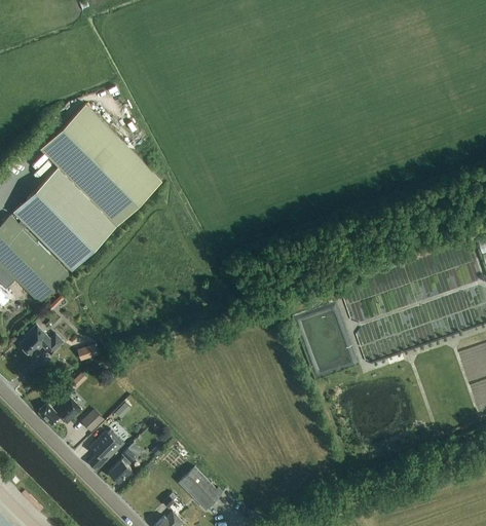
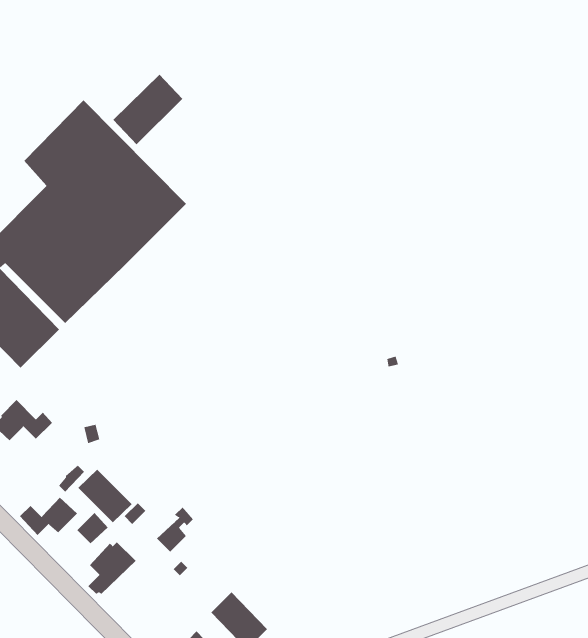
building: none -> [113,74,183,145]
building: none -> [77,469,133,523]
building: [107,449,135,483] -> [156,507,194,553]

